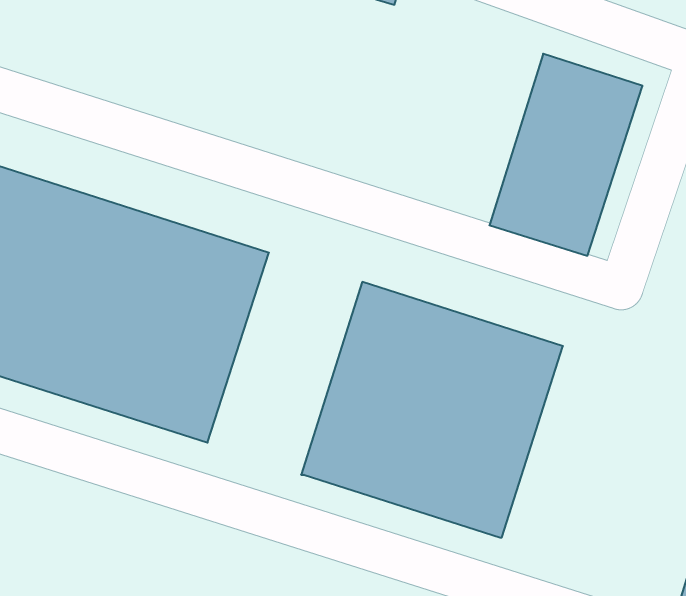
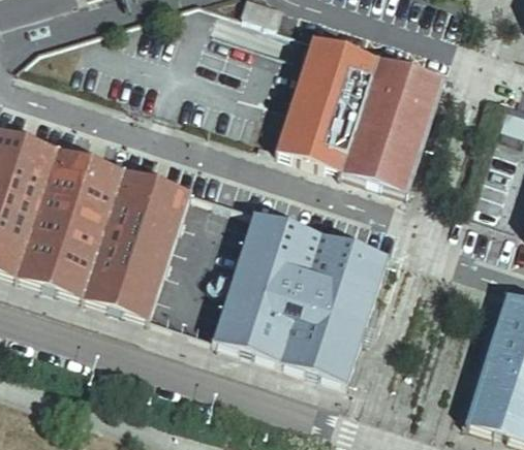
building: none -> [273,32,375,169]

